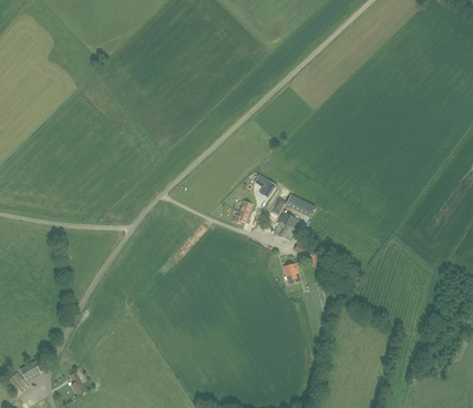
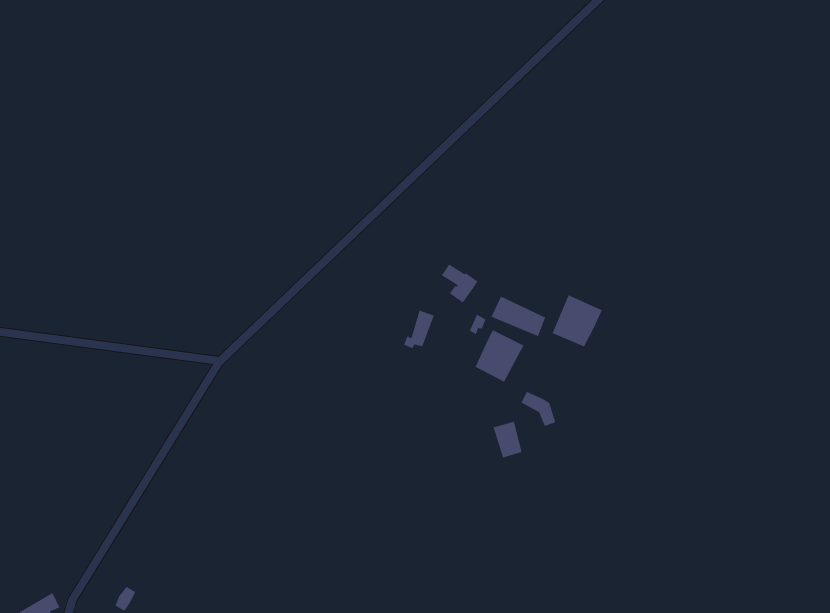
building: none -> [551,294,603,347]

